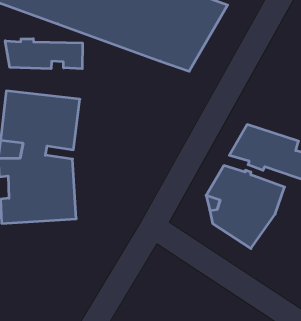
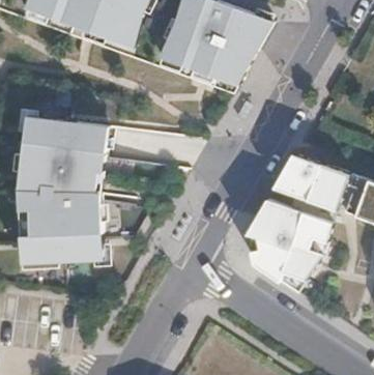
building: [5,39,82,69] -> none

